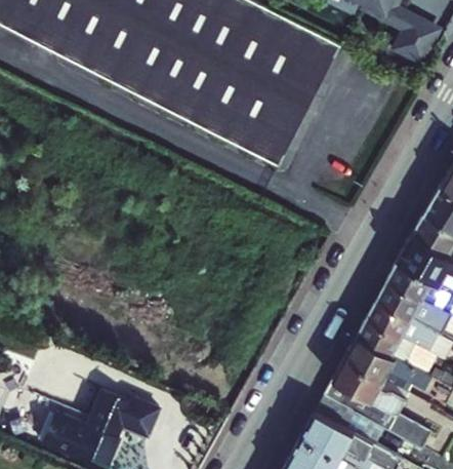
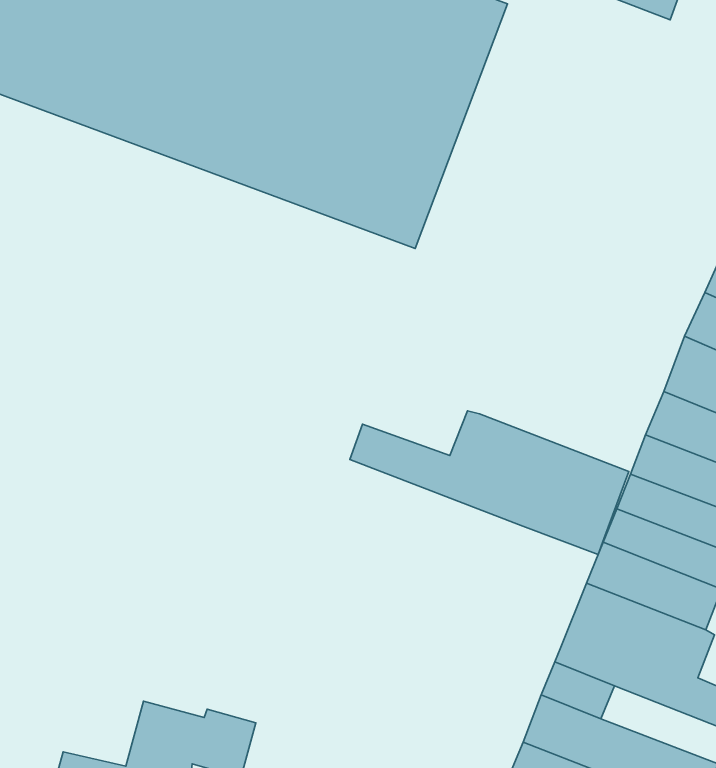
building: none -> [350,411,629,554]

